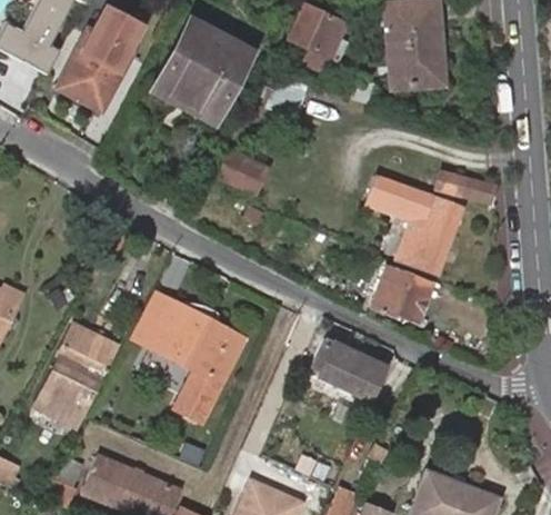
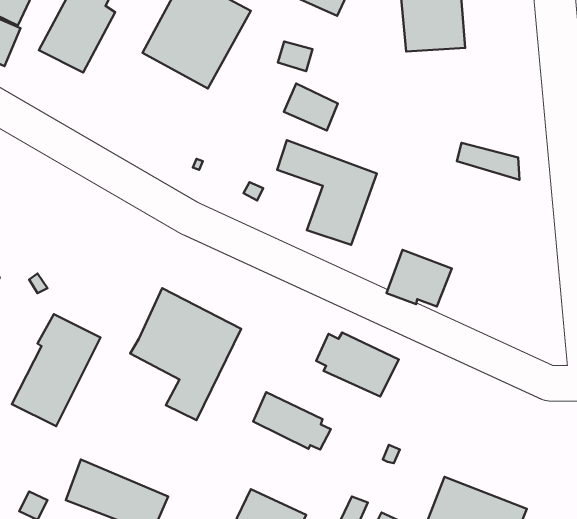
building: [218,151,267,194] -> [284,84,338,130]
building: [372,177,462,271] -> [277,140,377,245]
building: [129,290,172,347] -> none
building: none -> [253,392,331,450]

